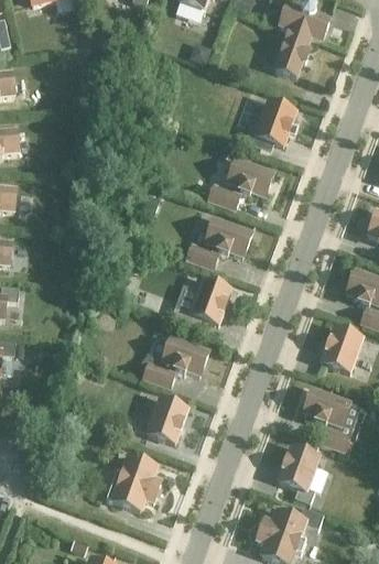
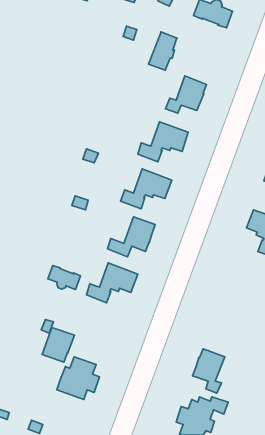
building: [274,26,311,75] -> [149,32,177,70]
building: [322,326,361,370] -> none
building: none -> [48,265,81,289]
building: [303,388,349,451] -> none
building: [147,397,187,441] -> [42,327,74,362]

